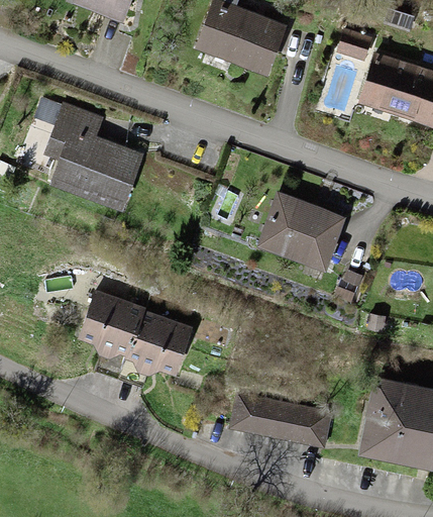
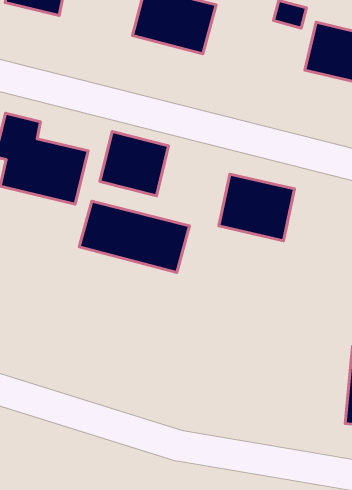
building: none -> [100,131,169,196]
building: [81,298,191,377] -> [79,201,189,273]
building: [230,397,329,447] -> none

